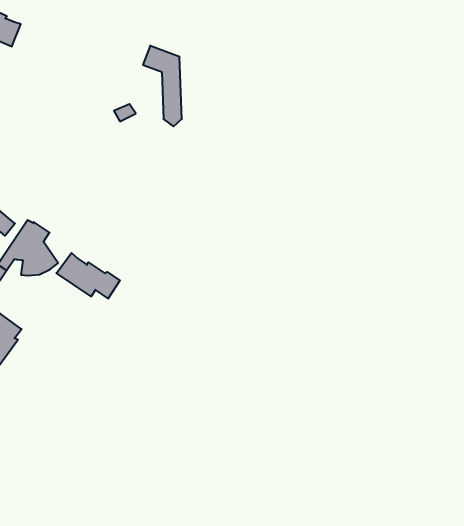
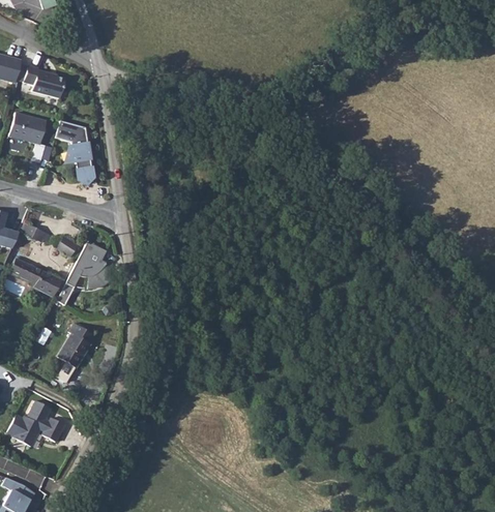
building: [143,46,182,126] -> [56,120,94,185]
building: [56,253,120,299] -> none

